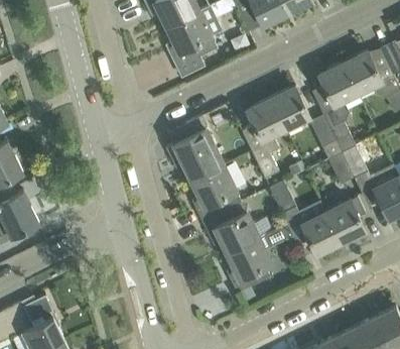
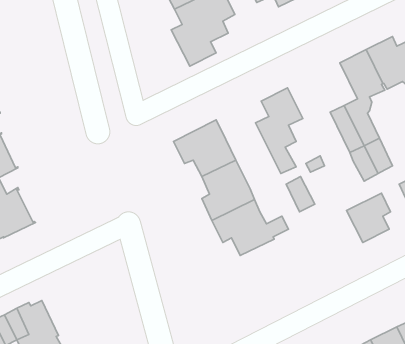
building: [270,86,308,126] -> none
building: [301,211,340,252] -> none
building: [227,237,270,304] -> none

